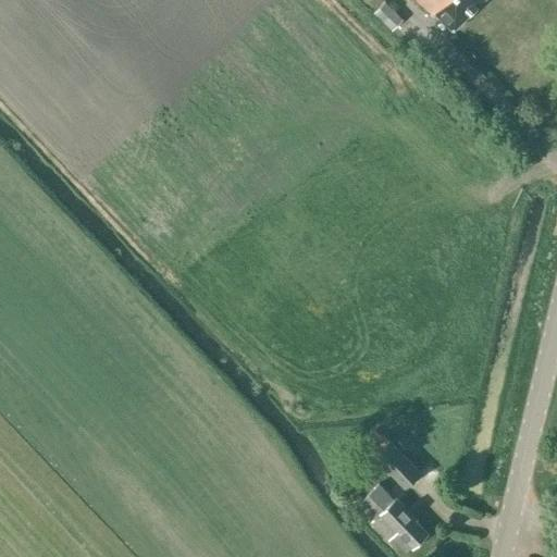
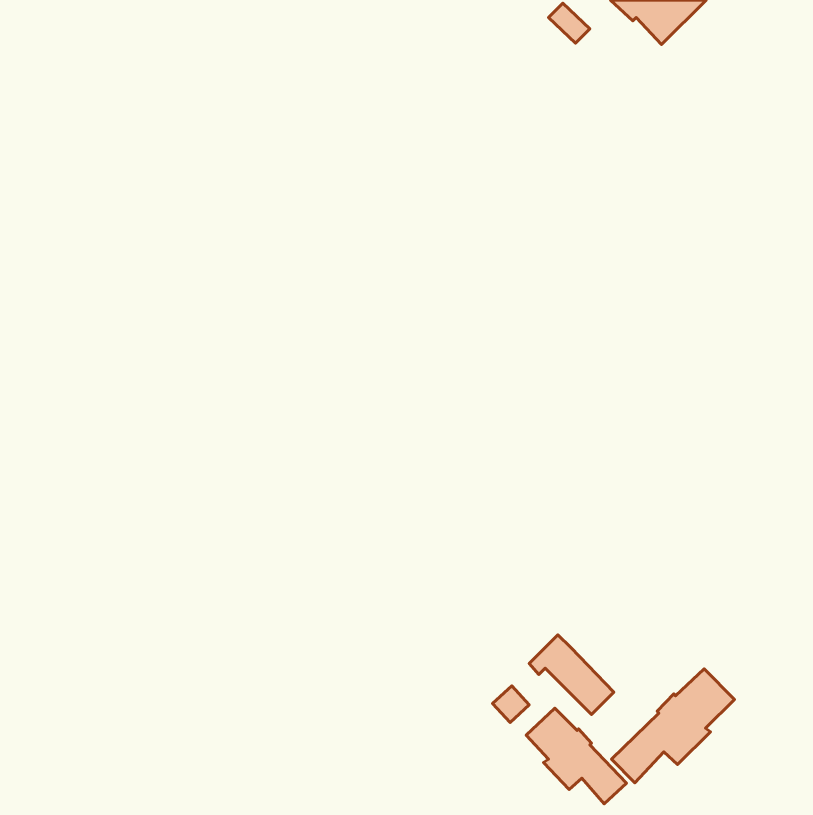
building: none -> [611,669,734,783]

